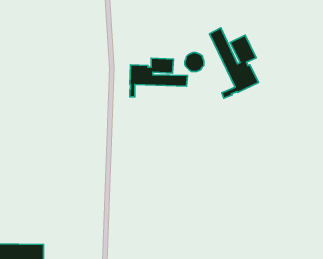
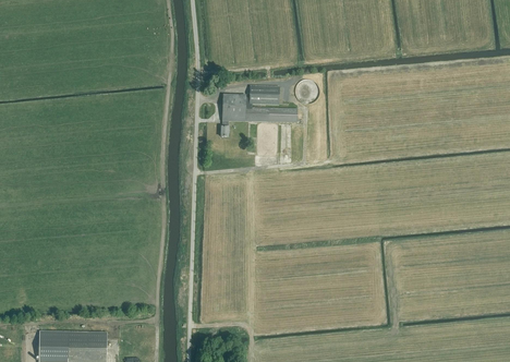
building: [209,28,259,98] -> none

